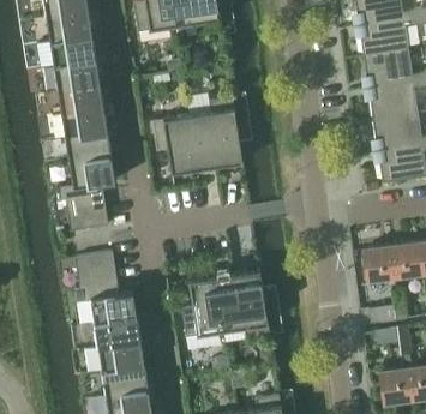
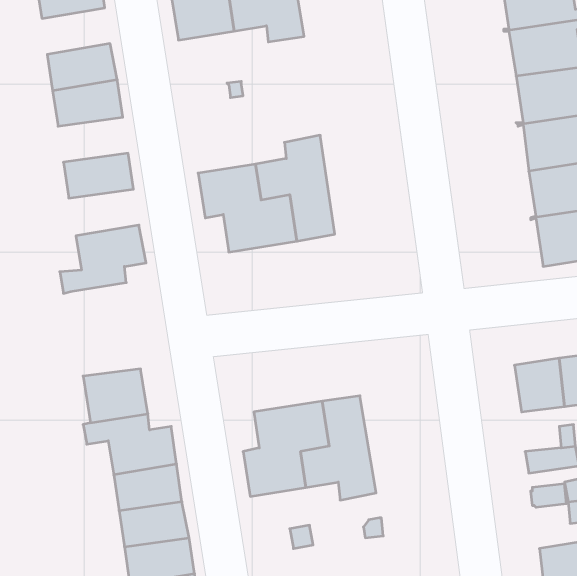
building: [48,11,94,42] -> none
building: [59,84,106,114] -> none
building: [66,132,113,163] -> none
building: [67,194,109,230] -> none

